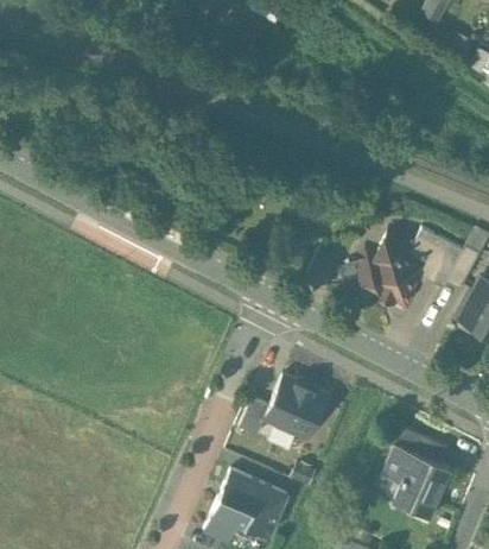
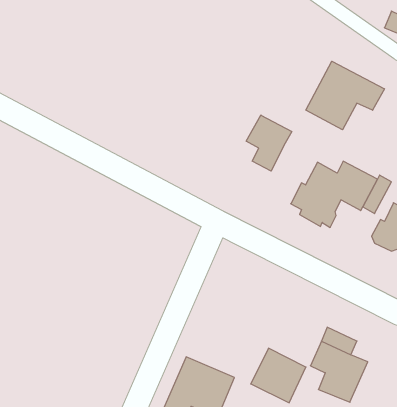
building: none -> [306,61,384,130]
building: none -> [246,115,292,171]
building: [262,379,329,444] -> [251,348,306,403]

